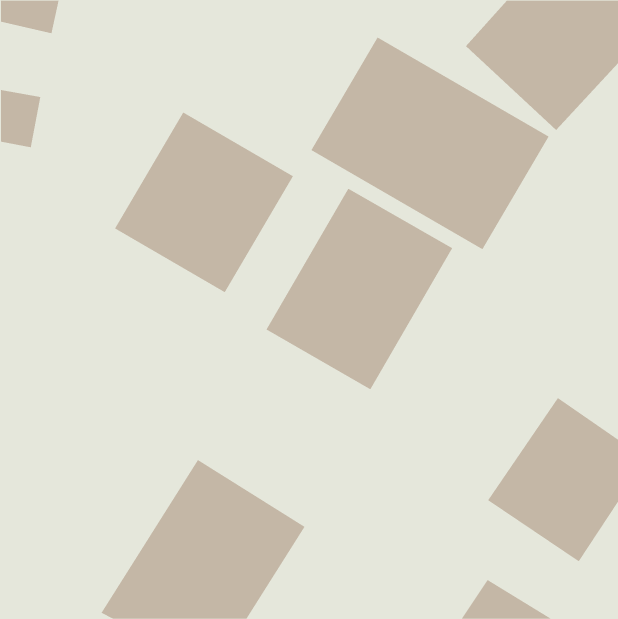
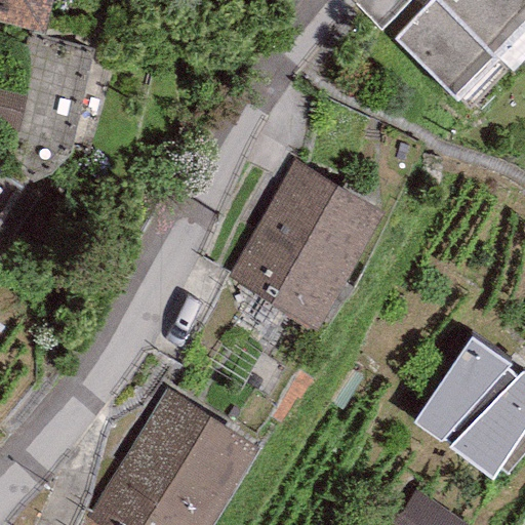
building: [311,37,549,250] -> none
building: [114,111,294,293] -> none

